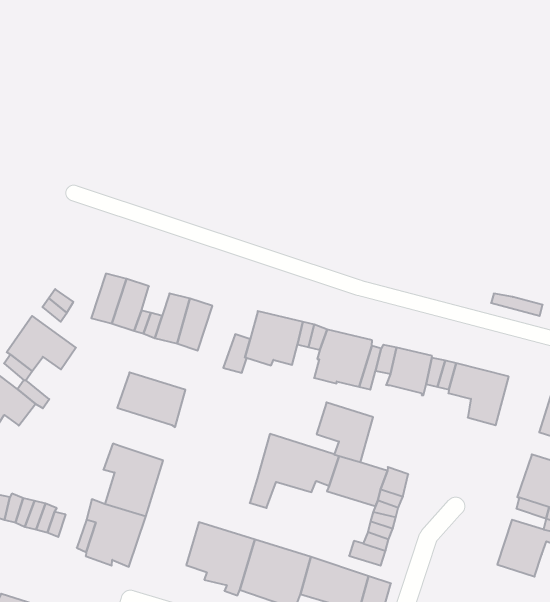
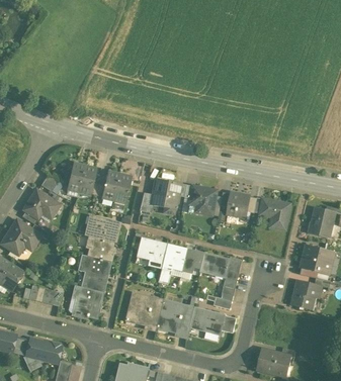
building: [317,402,373,462] -> [137,237,166,268]
building: none -> [86,236,113,262]

